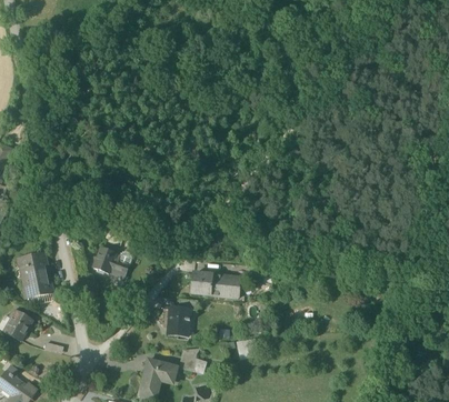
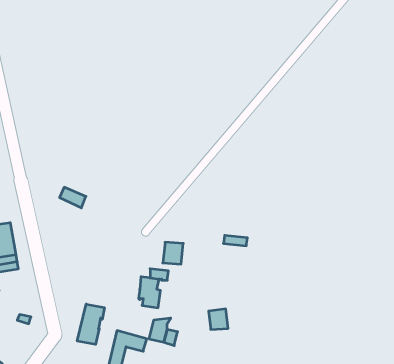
building: [92,248,129,275] -> none
building: [210,274,240,298] -> none
building: none -> [77,304,104,344]

